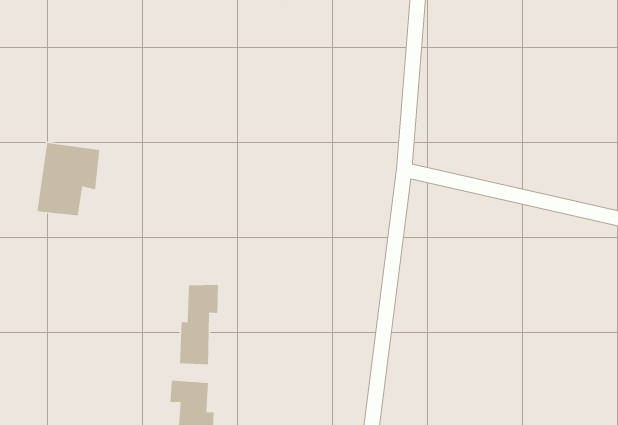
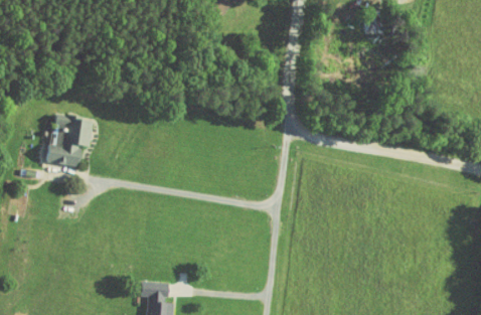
building: [179,284,219,365] -> none

